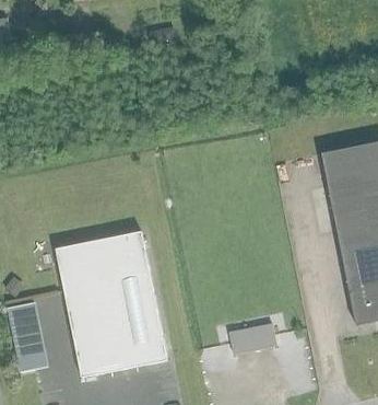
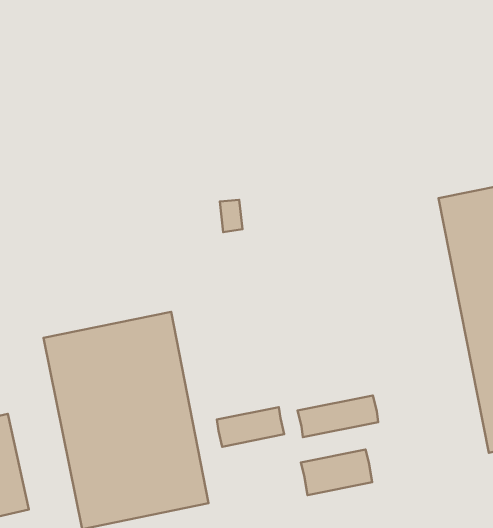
building: none -> [298,395,378,437]
building: none -> [217,407,284,447]

